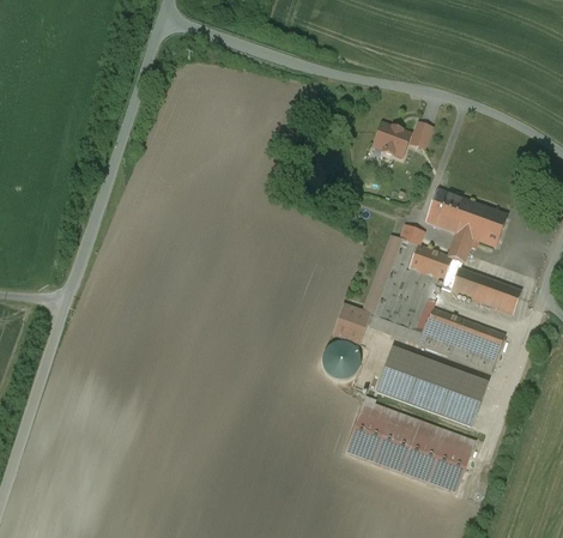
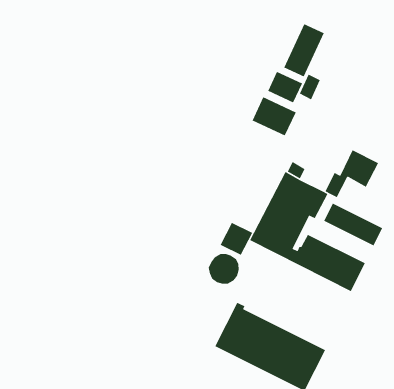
building: none -> [283,23,325,78]
building: none -> [251,96,297,137]
building: [428,191,476,235] -> none
building: [375,349,489,430] -> none

